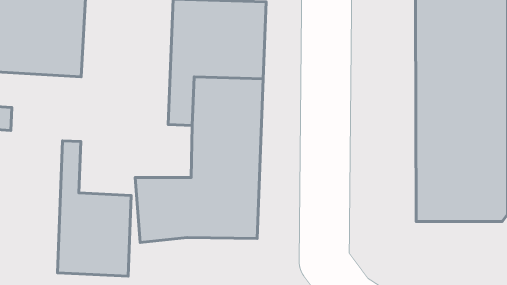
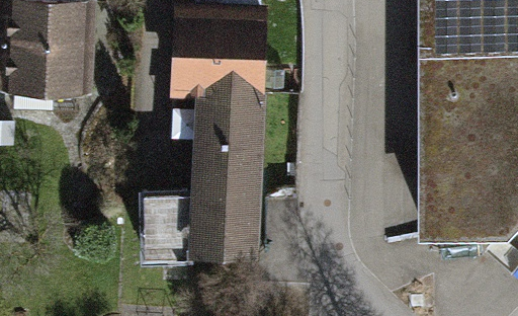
building: [58,141,131,276] -> none

